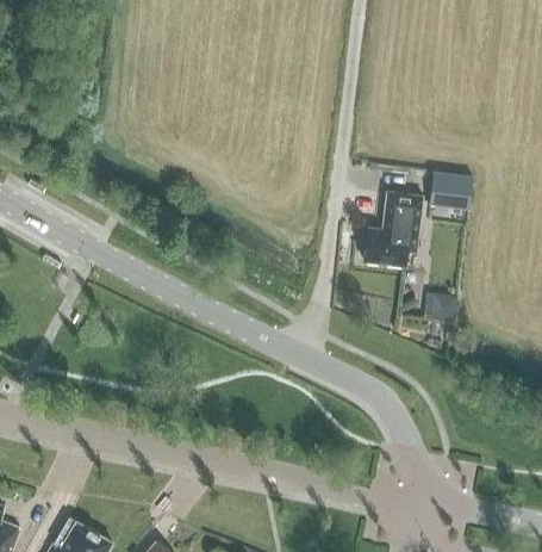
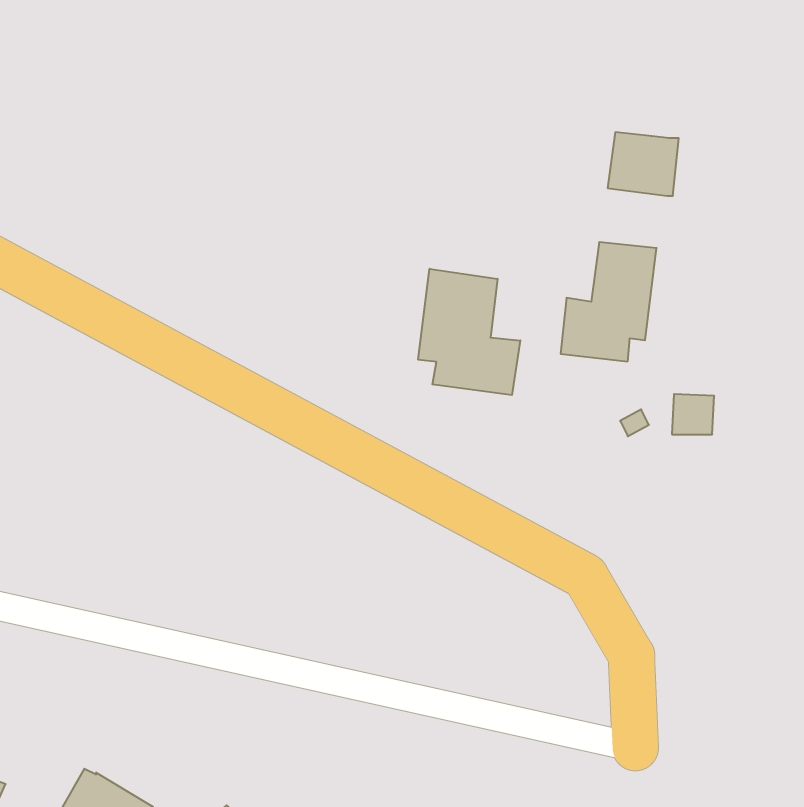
building: [429,173,473,212] -> [608,132,679,196]
building: none -> [418,269,520,395]

